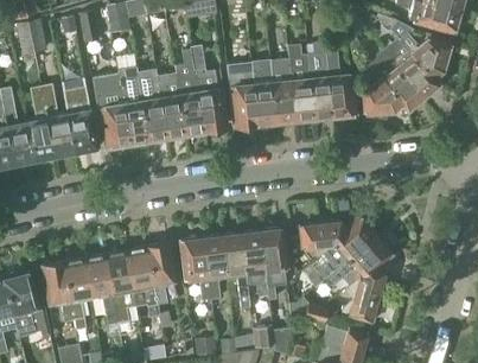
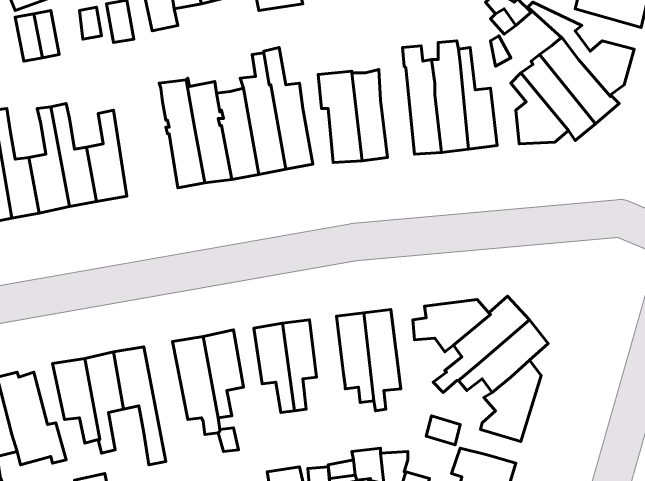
building: [272,58,295,122] -> none
building: [100,74,129,147] -> none
building: [222,234,251,323] -> none
building: [106,251,136,336] -> none

